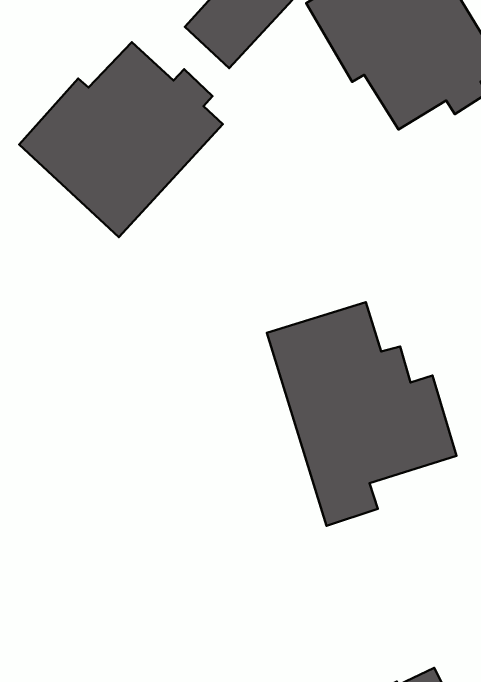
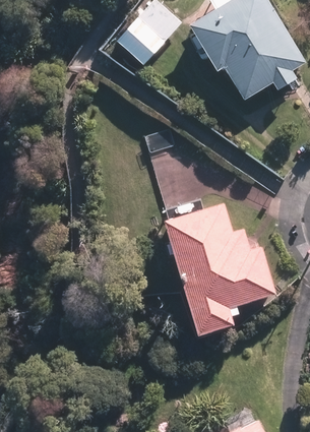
building: [19,42,223,237] -> none

